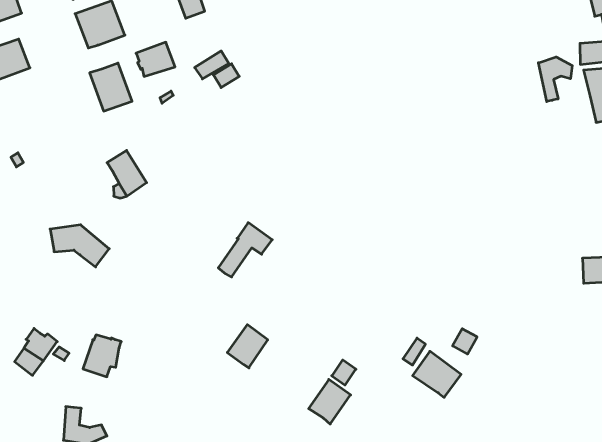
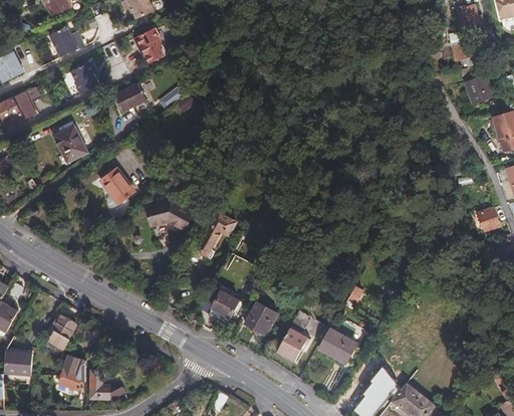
building: [538,57,572,102] -> none
building: [90,63,132,111] -> [52,125,87,163]
building: [50,225,109,267] -> [146,200,193,231]
building: [83,335,121,377] -> [59,356,86,387]
building: none -> [243,302,277,336]
building: [413,351,461,397] -> [318,329,355,363]

